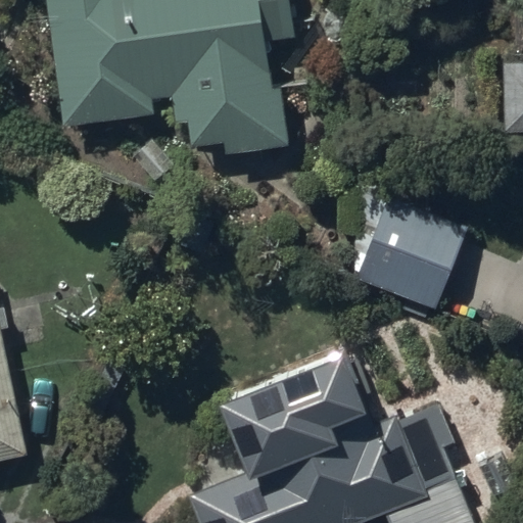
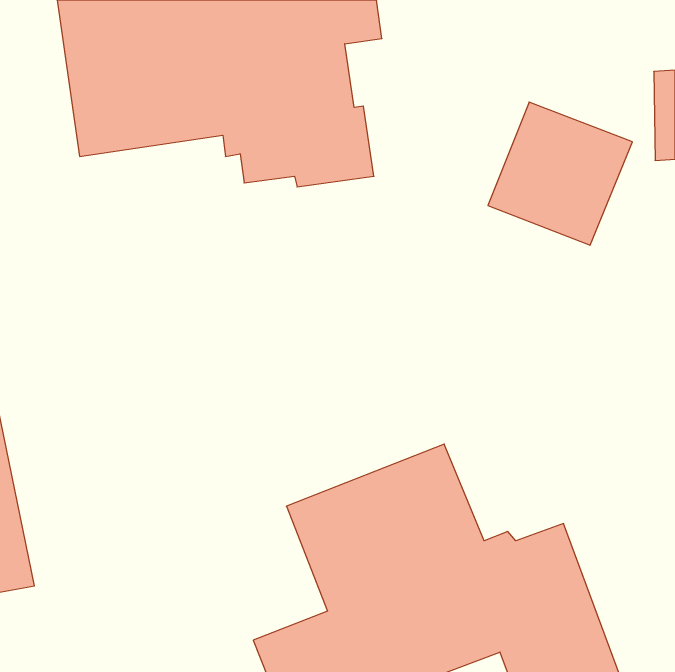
building: [356,198,468,308] -> [488,102,632,245]

